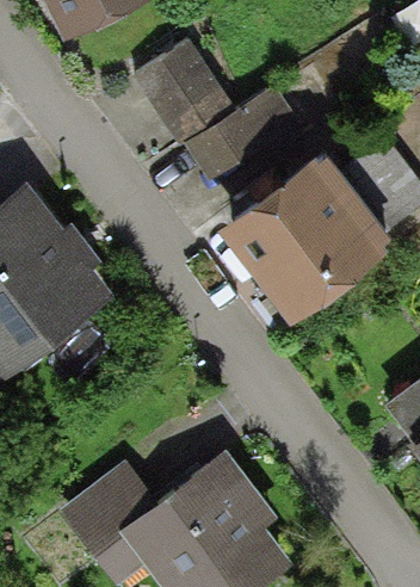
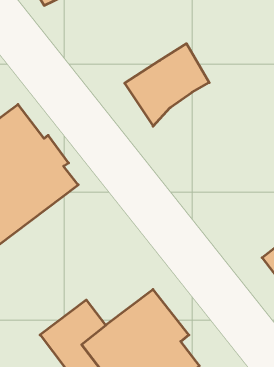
building: [134,44,236,152] -> none
building: [220,141,393,314] -> none

